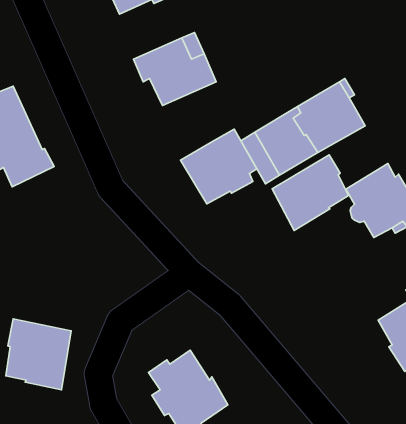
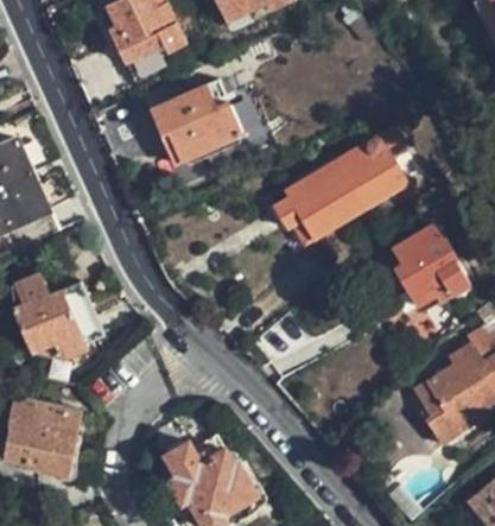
building: [181,129,257,204] -> none
building: [272,155,349,231] -> none
building: none -> [9,274,103,360]

